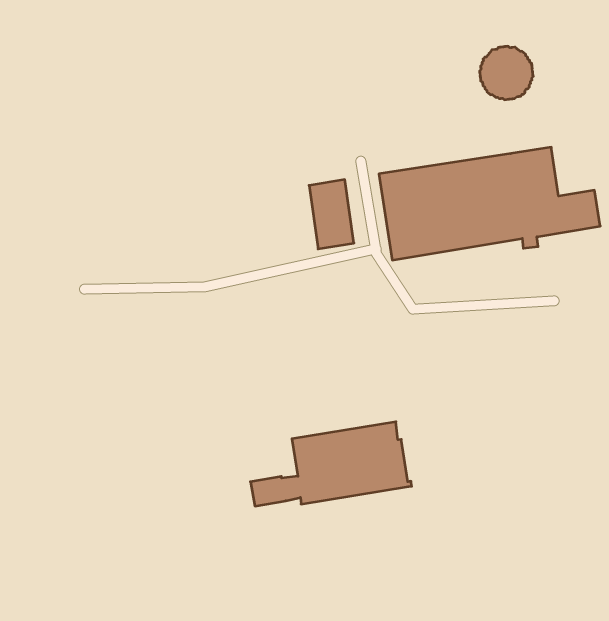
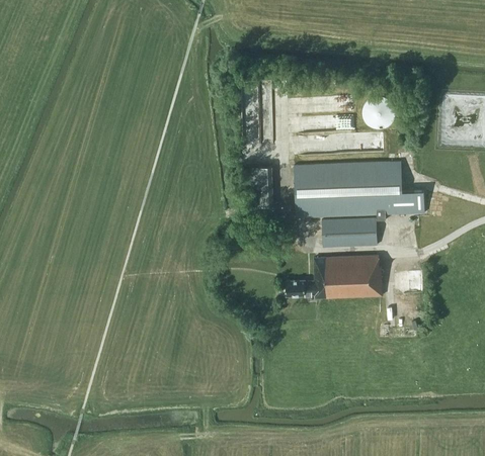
building: none -> [322,217,378,247]
building: [250,422,412,506] -> [286,255,384,298]

